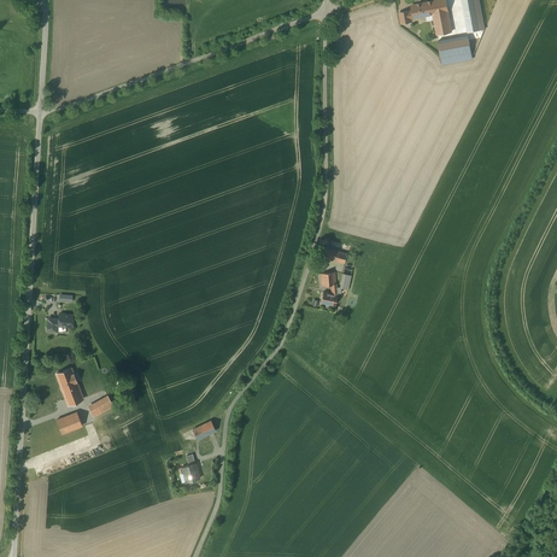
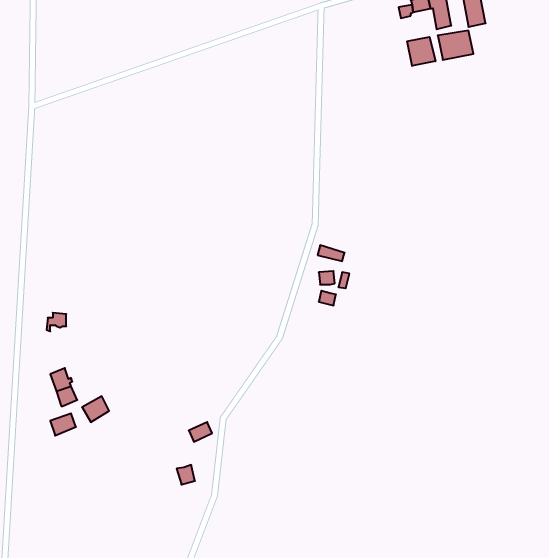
building: none -> [407,37,435,66]

